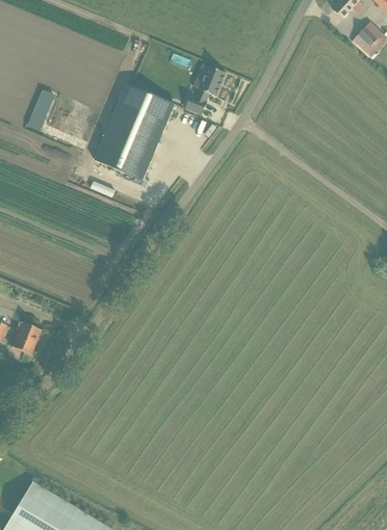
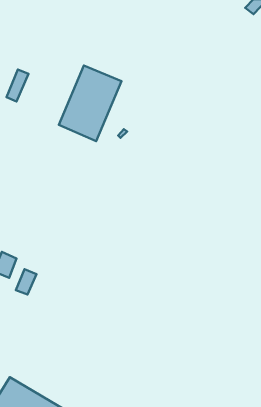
building: [184,67,226,115] -> none
building: none -> [16,269,36,294]

